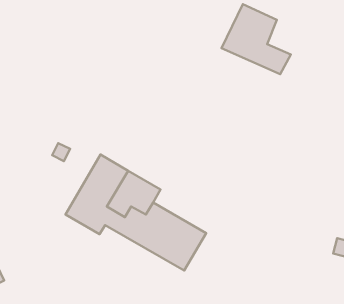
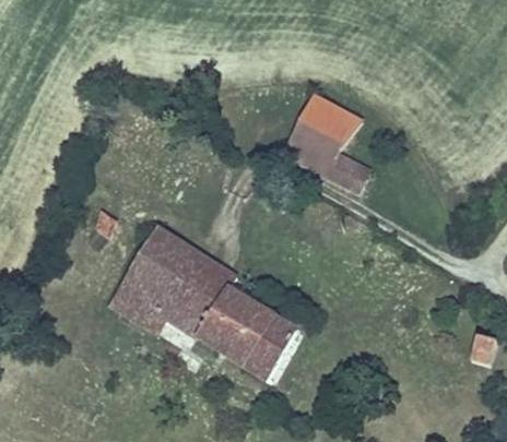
building: [222,4,291,74] -> [279,93,372,187]

